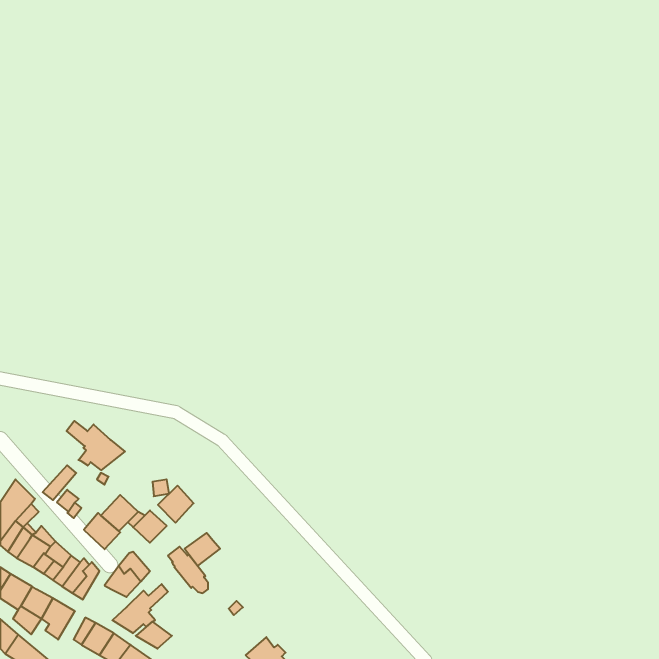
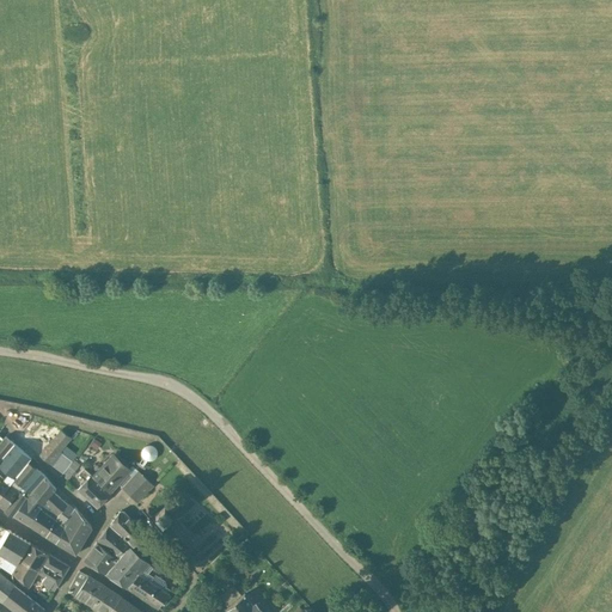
building: [67,421,125,470] -> none
building: [158,486,194,523] -> none
building: [185,533,220,566] -> none
building: none -> [85,543,118,575]

